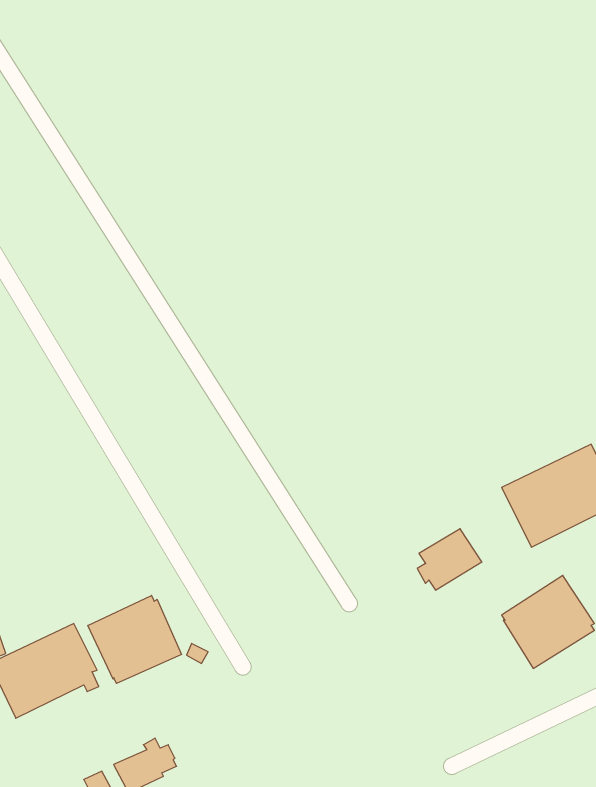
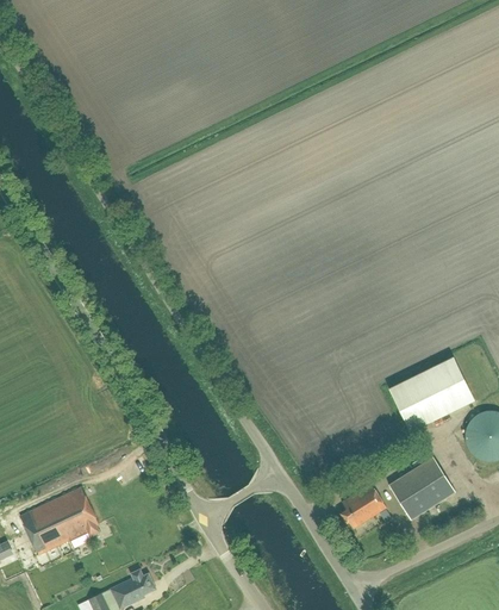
building: [417,529,482,590] -> [339,485,386,529]
building: [88,595,182,683] -> none

